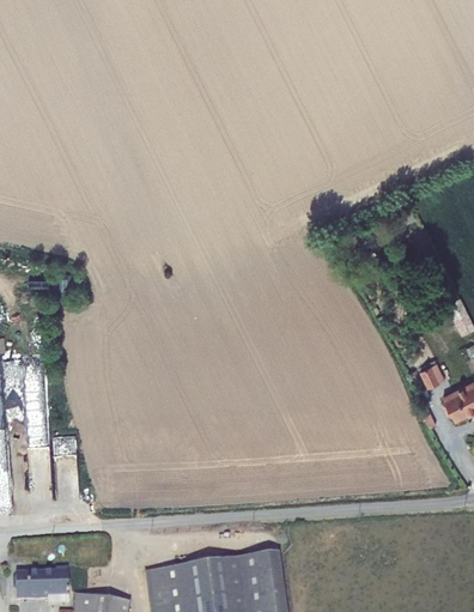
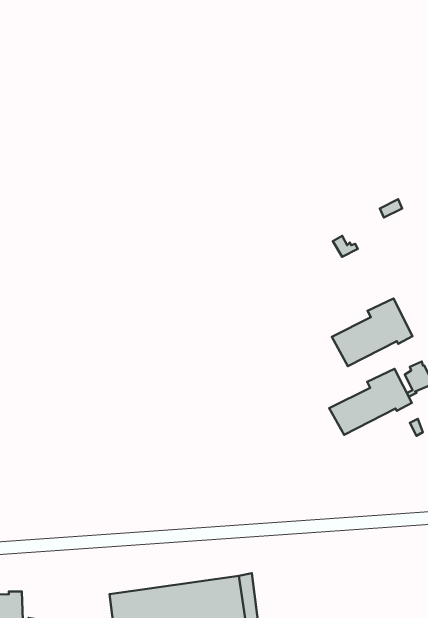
building: none -> [332,298,412,366]
building: none -> [329,369,412,435]

